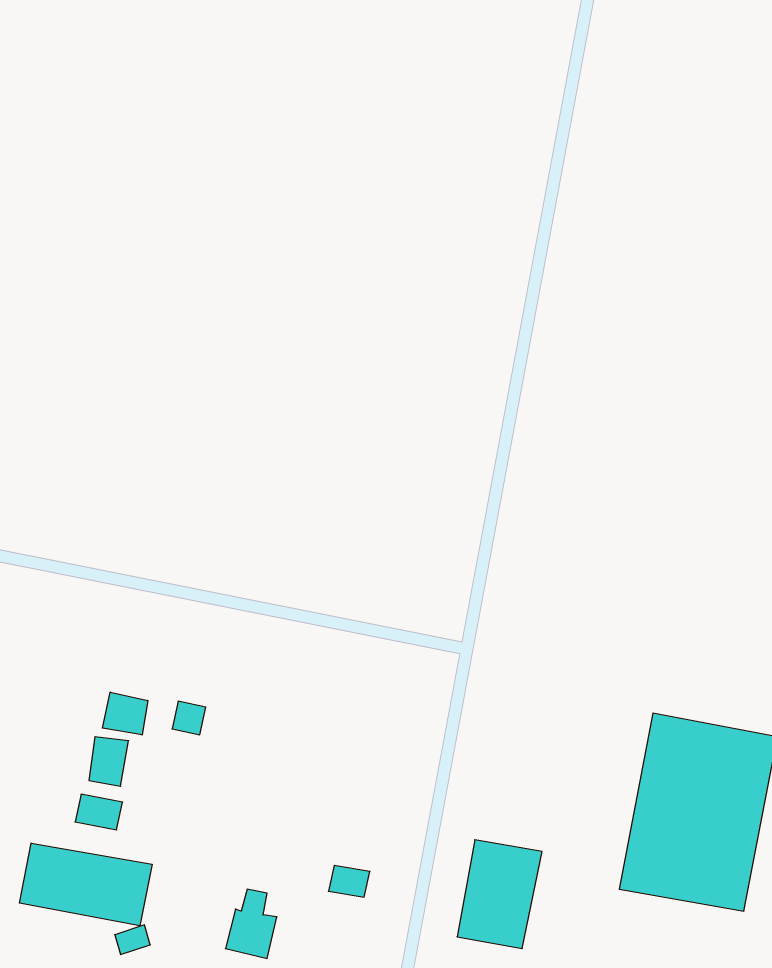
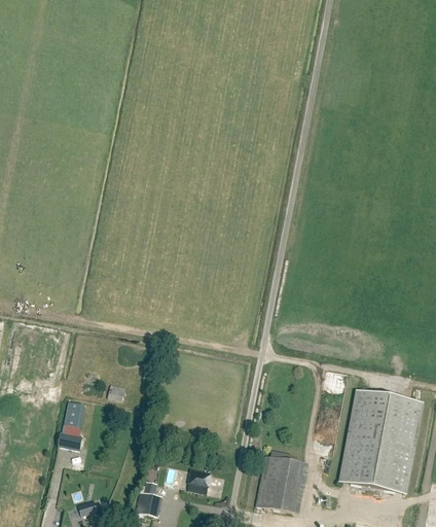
building: [102,692,148,735] -> none
building: [20,843,152,926] -> none

